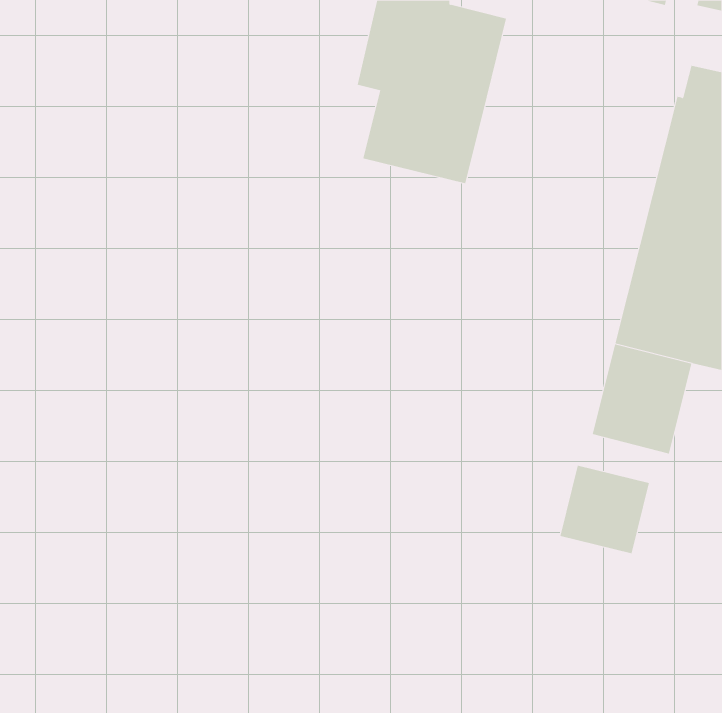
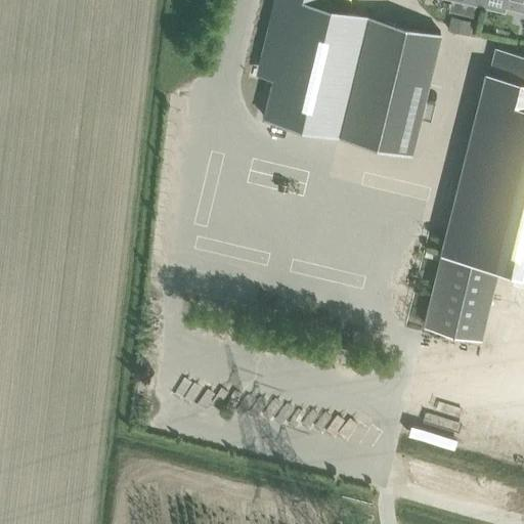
building: none -> [339,21,439,158]
building: [560,465,650,554] -> none

